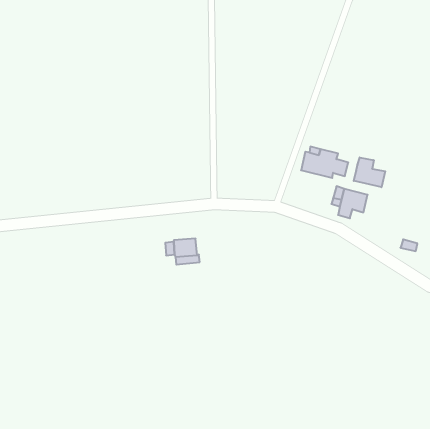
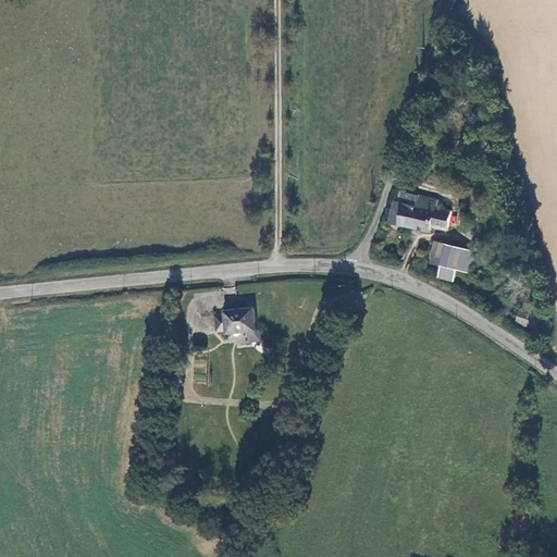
building: [354,157,385,187] -> none

